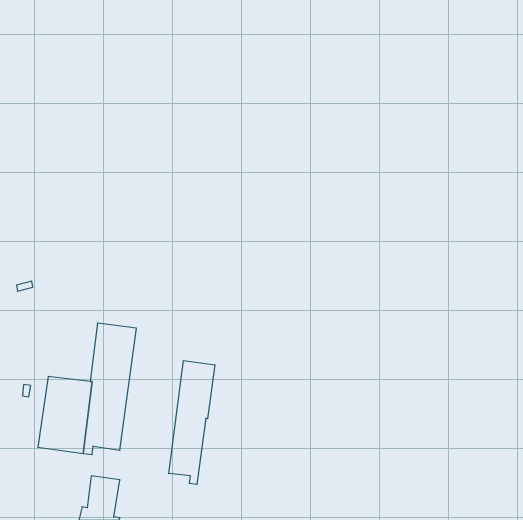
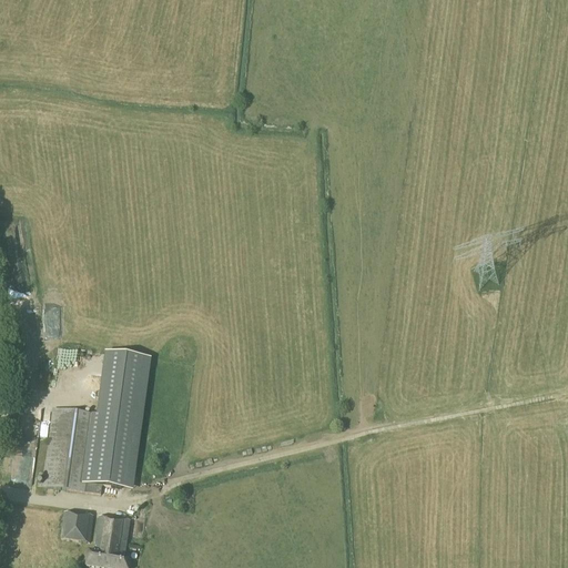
building: [169,361,215,485] -> none
building: none -> [62,510,93,540]

